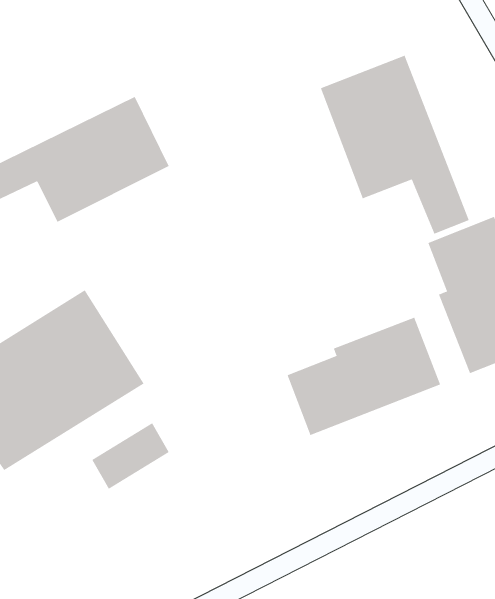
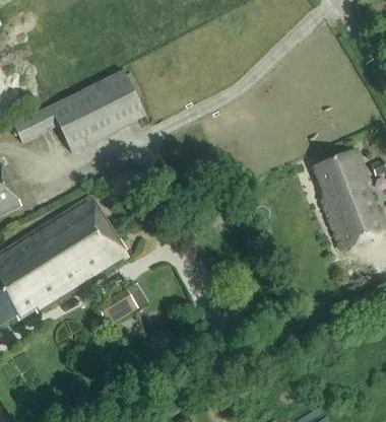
building: [320,55,469,235] -> none
building: [287,317,441,436] -> none

